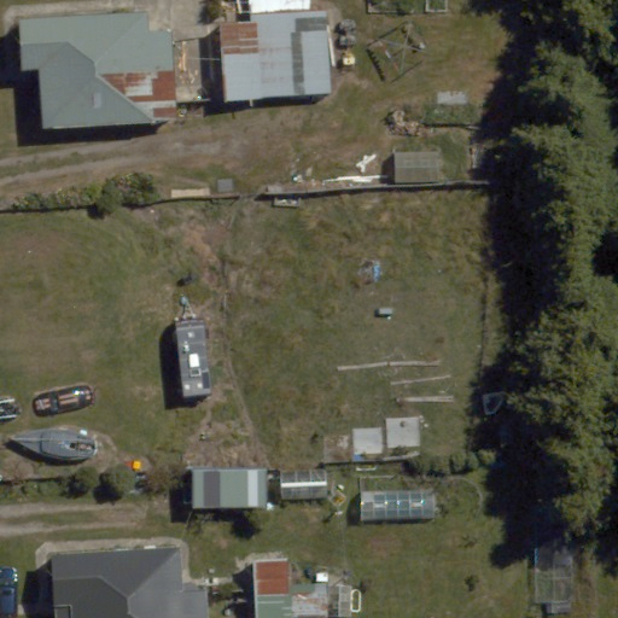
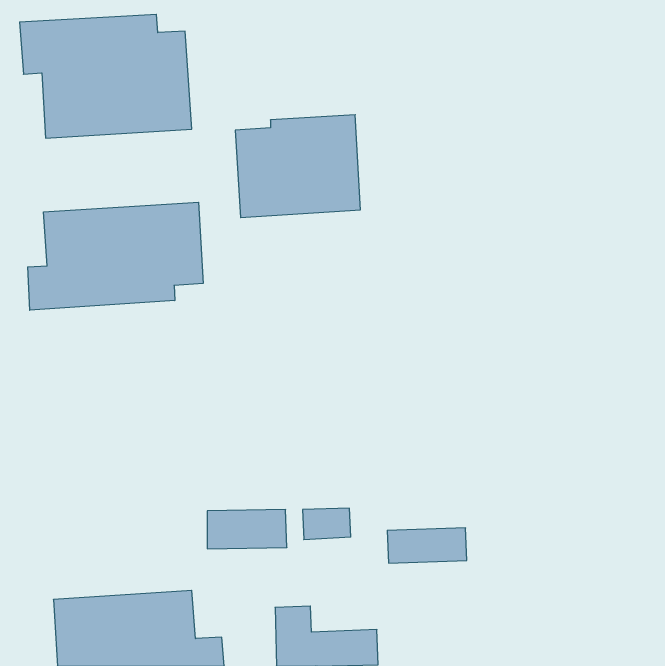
building: [218,8,334,104] -> [235,115,360,218]
building: none -> [28,202,203,310]

